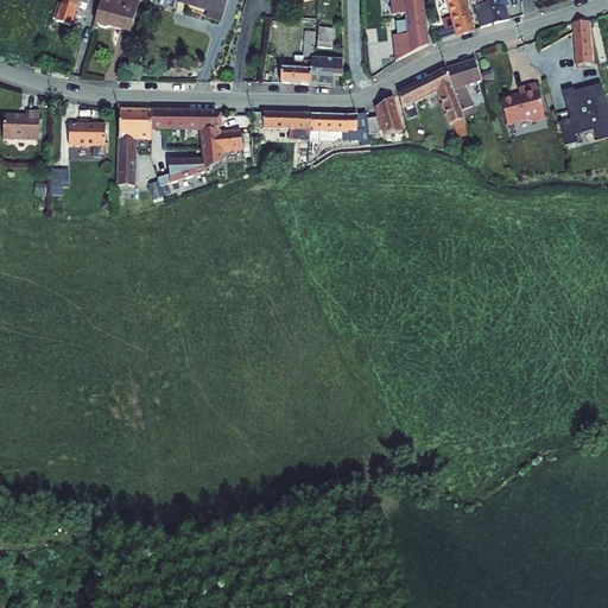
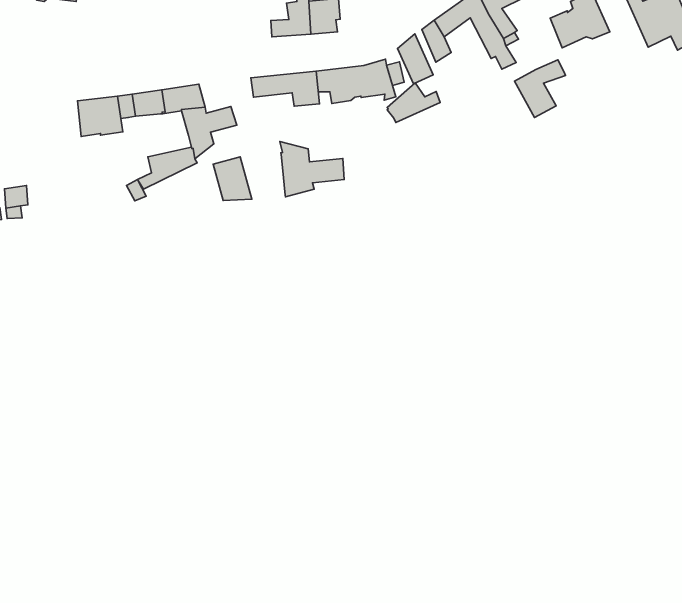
building: [69,121,106,154] -> none
building: none -> [514,60,566,118]
building: none -> [387,83,440,123]
building: [118,137,135,185] -> none
building: none -> [280,142,344,197]
building: none -> [213,157,252,201]

